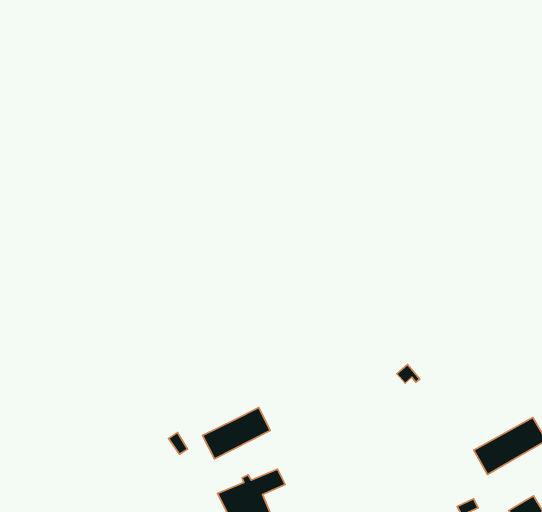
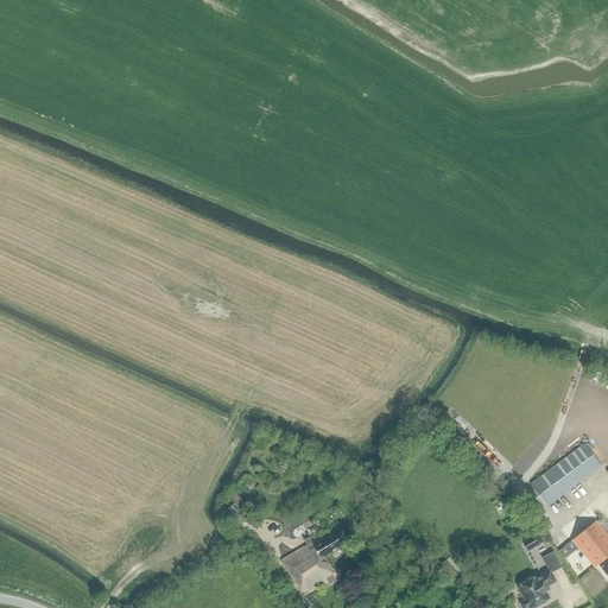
building: [202,407,270,459] -> none

